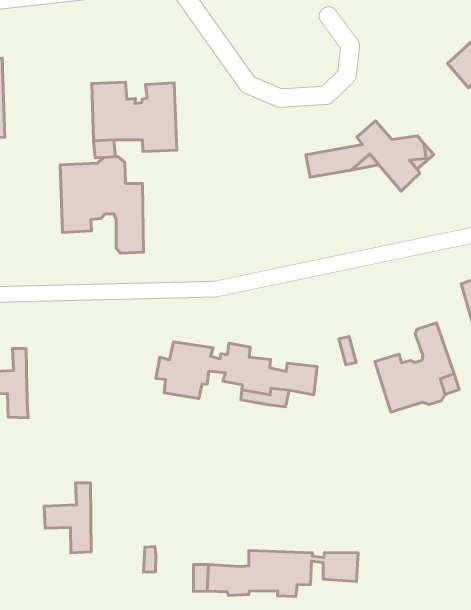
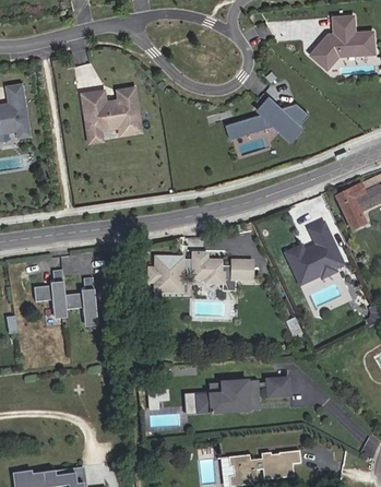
building: [60,157,143,253] -> none
building: [44,483,91,553] -> [62,276,96,323]

